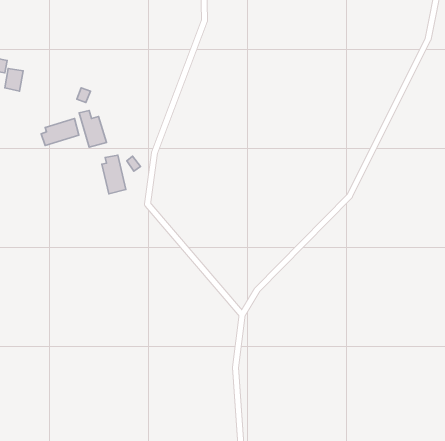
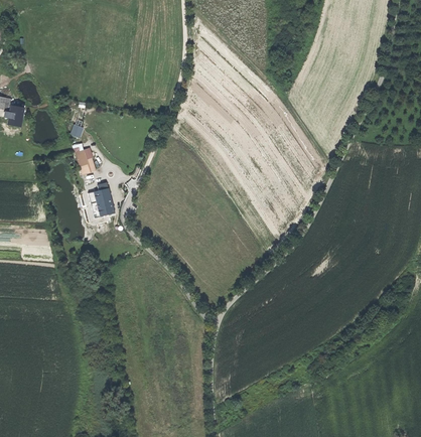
building: [41,119,79,145] -> none

